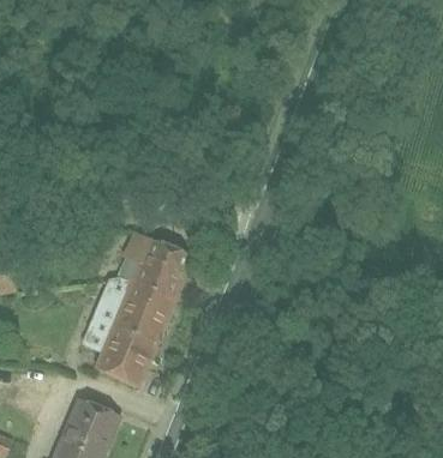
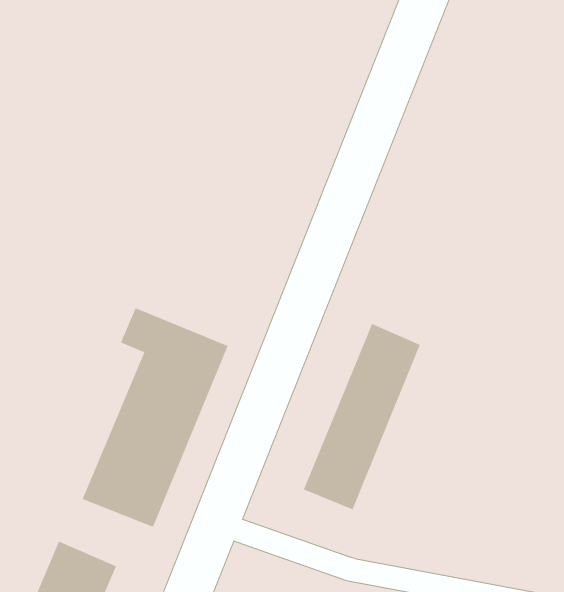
building: none -> [303,323,420,510]

